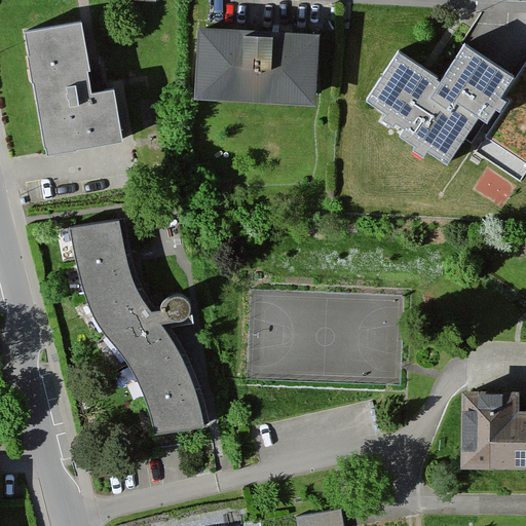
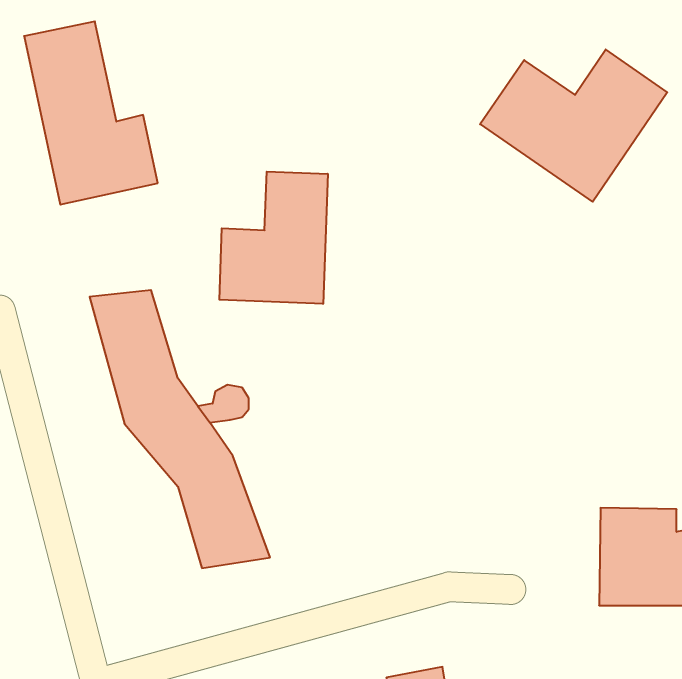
building: [198,24,313,98] -> none
building: none -> [219,172,328,304]

